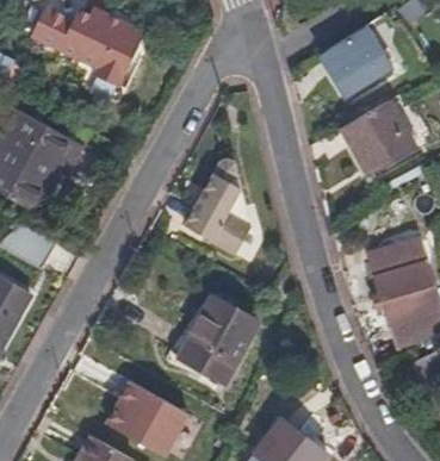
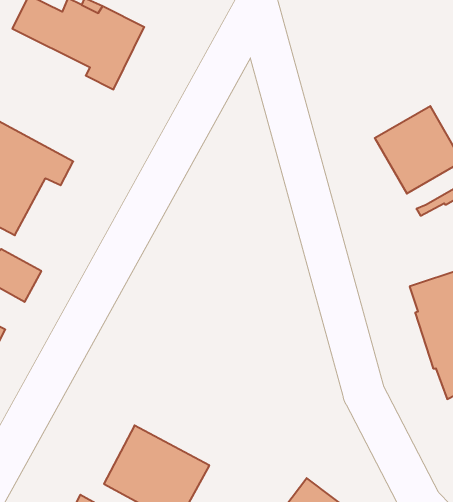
building: [324,25,391,96] -> none
building: [192,167,264,251] -> none
building: [179,297,259,382] -> none

